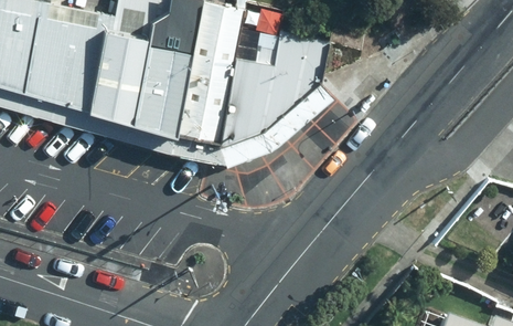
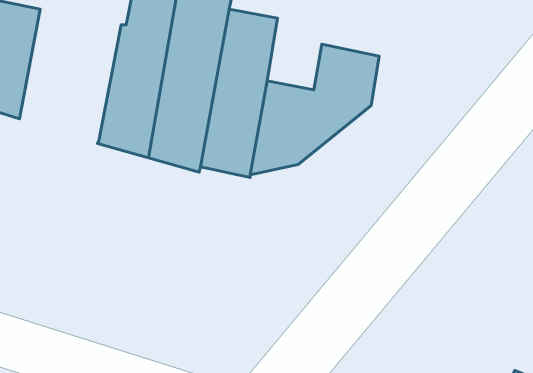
building: [25,10,111,122] -> none

